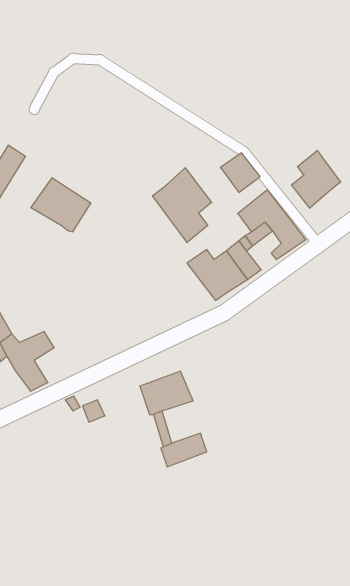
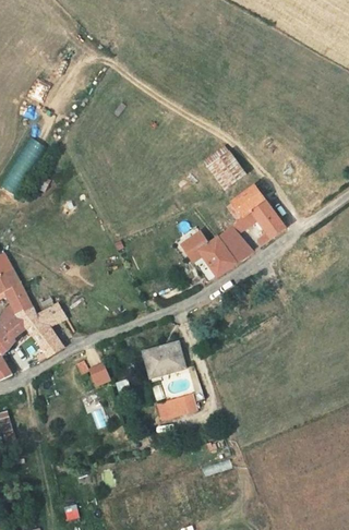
building: [292,150,341,208] -> none
building: [153,168,212,243] -> none
building: [31,178,91,232] -> none

